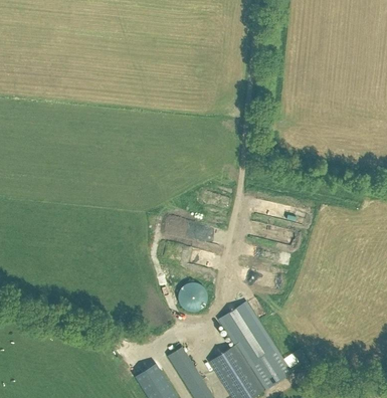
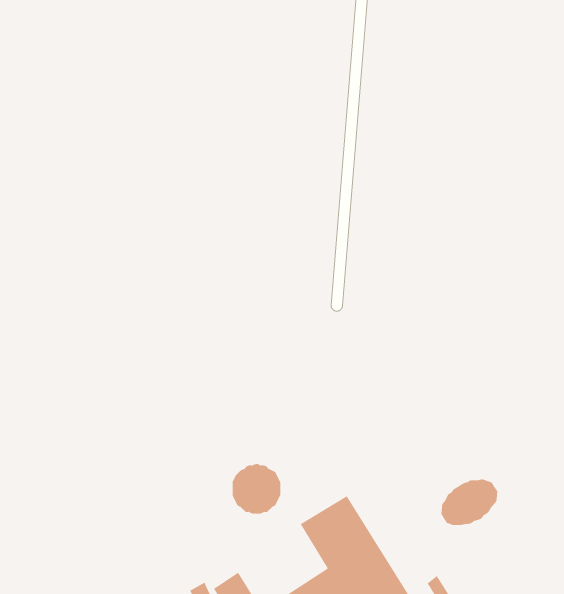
building: none -> [441,478,498,526]

